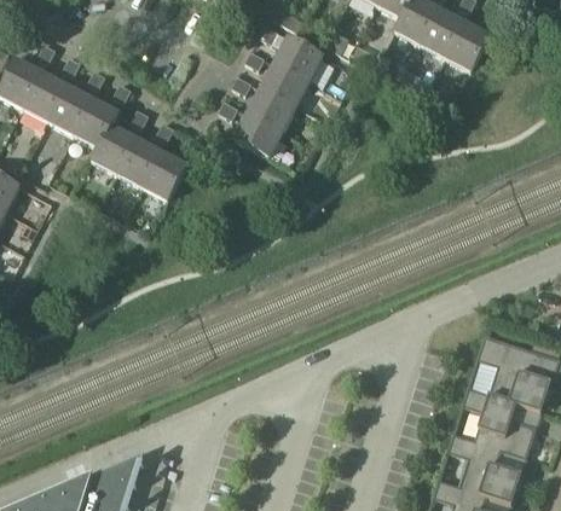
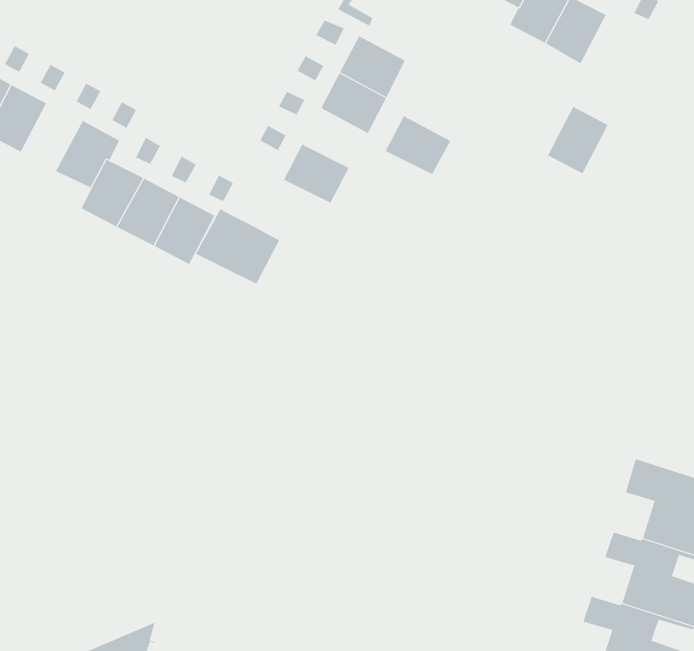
building: [446,21,490,69] -> [547,106,608,174]
building: [48,83,92,132] -> none
building: [248,87,295,129] -> [385,115,451,175]
building: none -> [195,209,280,285]

